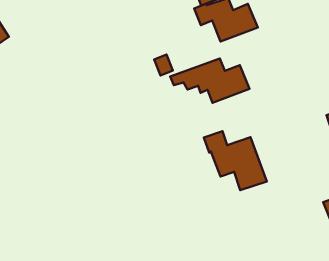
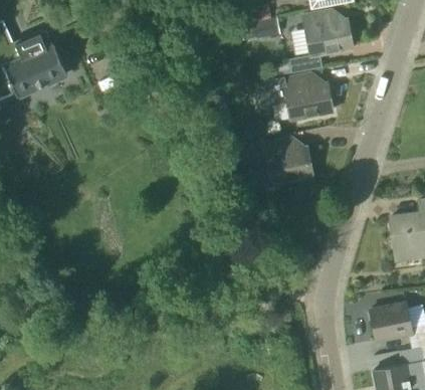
building: [204,131,267,190] -> none

